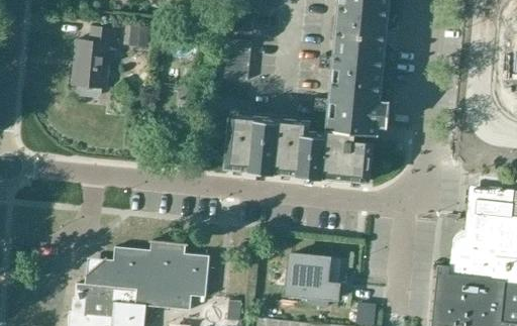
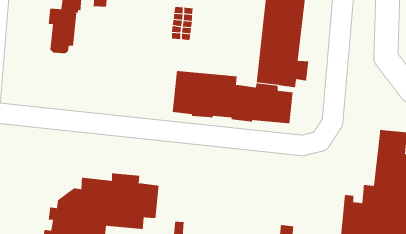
building: [283,255,337,301] -> none

